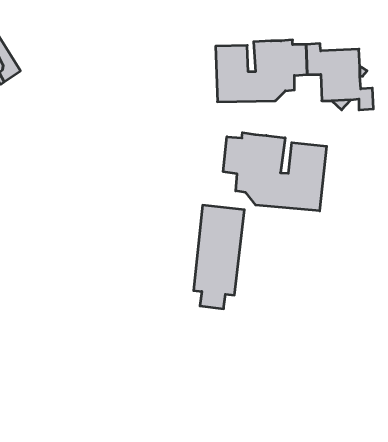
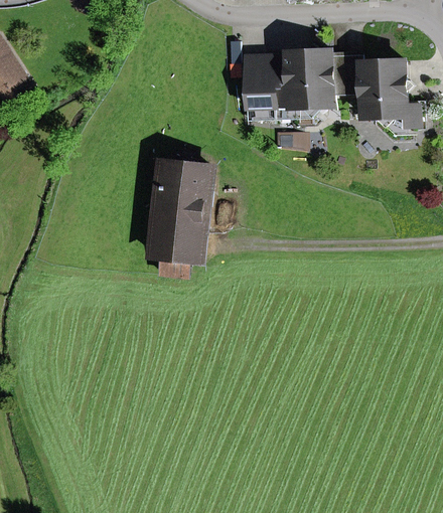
building: [223,133,327,211] -> none
building: [194,205,244,309] -> [152,160,208,275]

